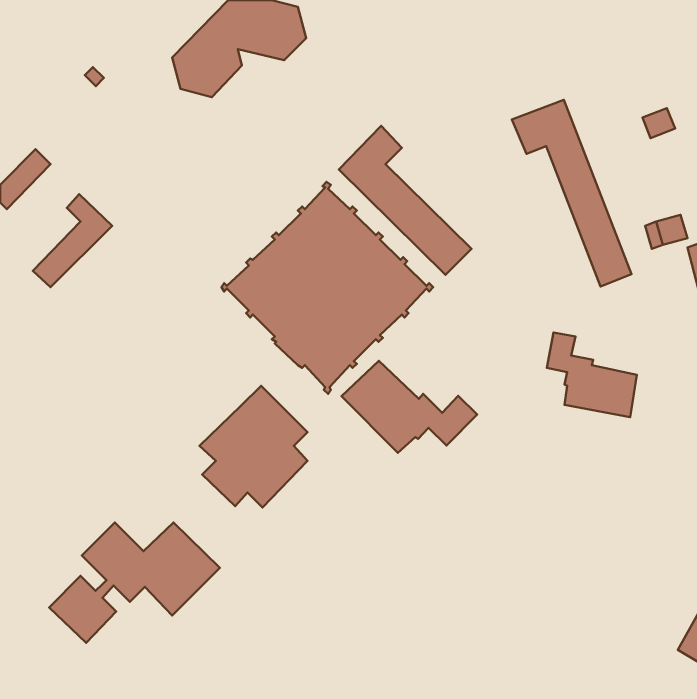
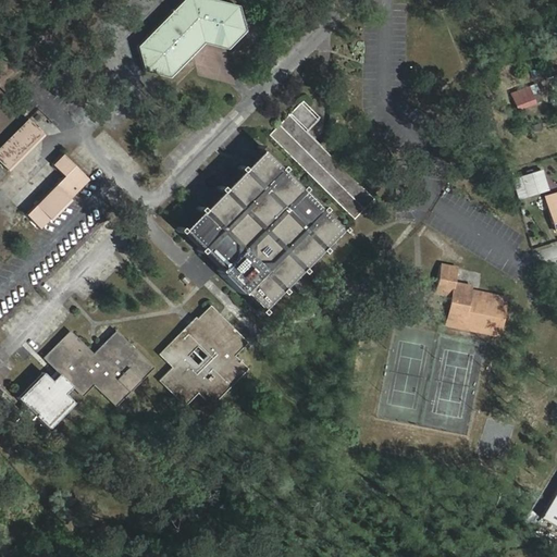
building: [512,100,631,286] -> none
building: [341,361,477,453] -> none
building: [49,523,220,643] -> [18,331,154,426]

